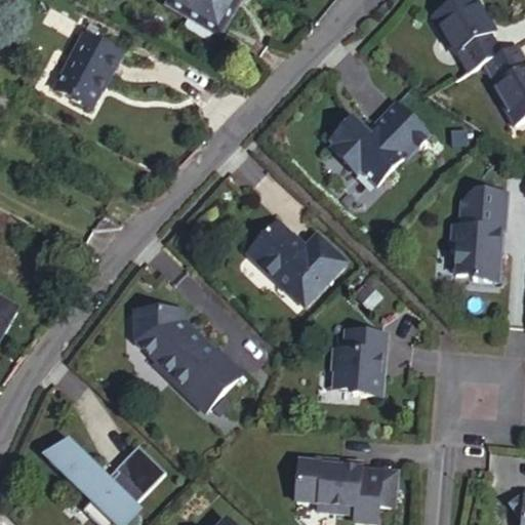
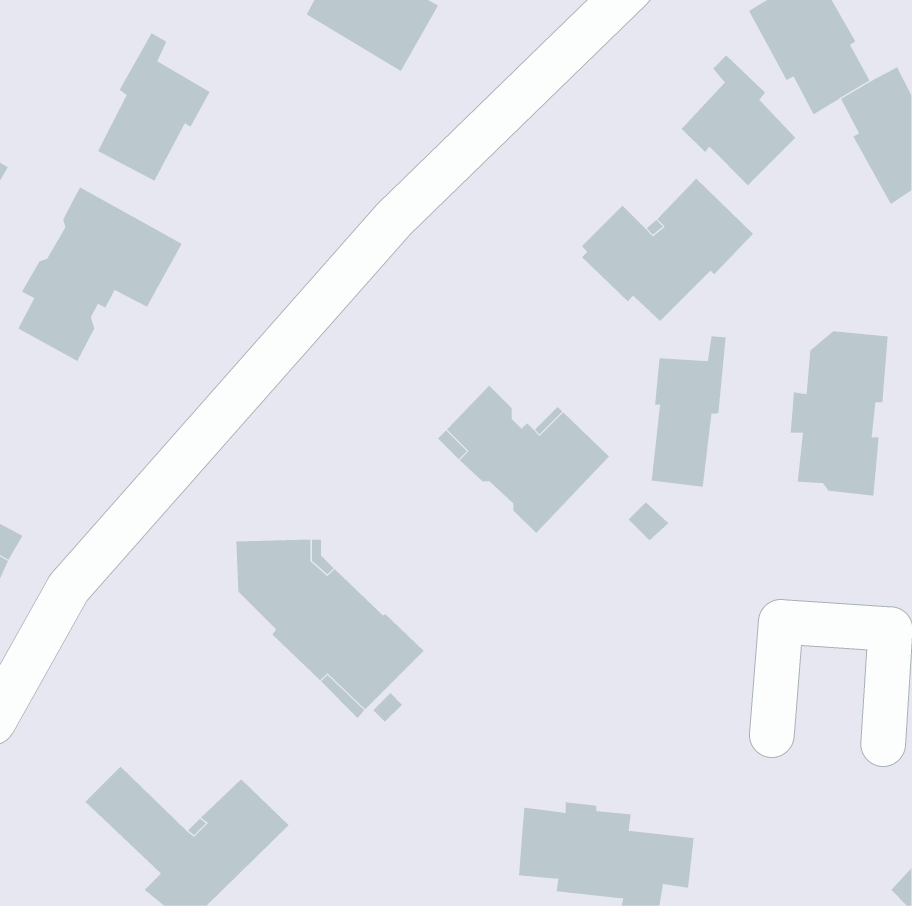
building: none -> [681,55,796,186]
building: none -> [18,186,182,362]
building: none -> [651,335,726,488]
building: [331,330,386,396] -> none

